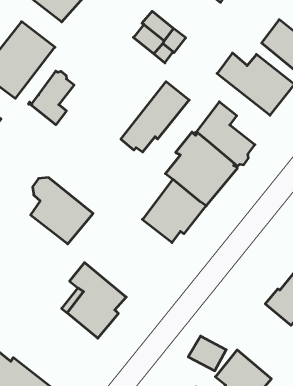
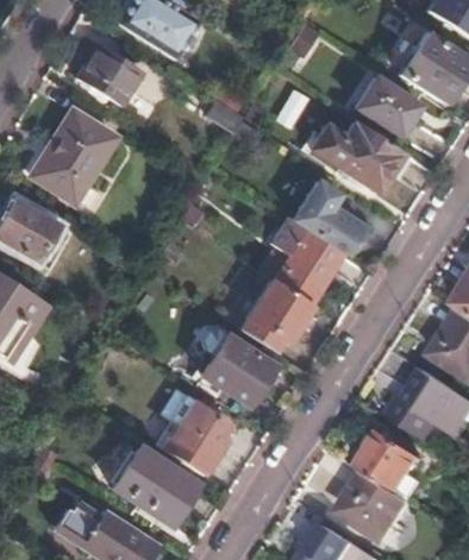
building: [29,71,74,125] -> none
building: [121,82,189,152] -> none
building: [31,178,93,244] -> [199,329,274,405]
building: none -> [111,446,195,523]
building: none -> [361,433,424,495]

